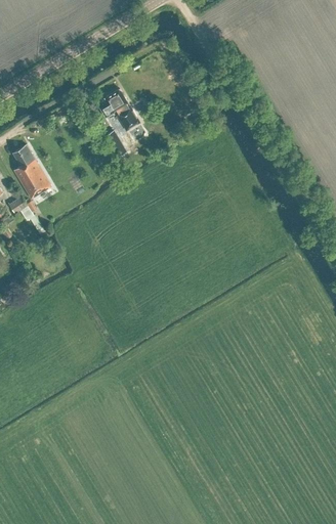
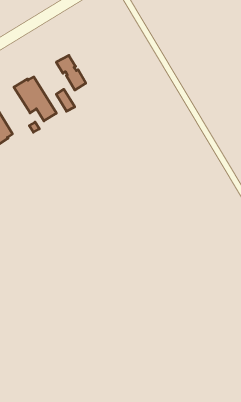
building: none -> [14,77,56,121]

